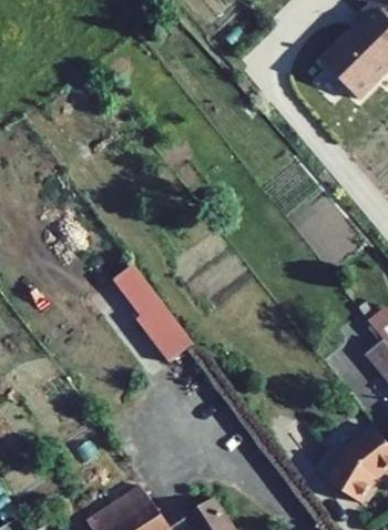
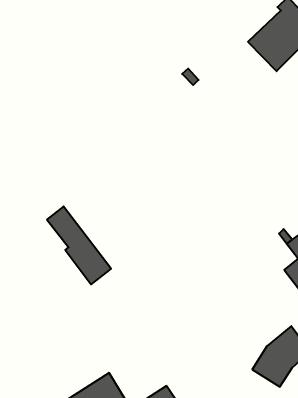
building: [113,265,195,365] -> [47,206,111,284]

